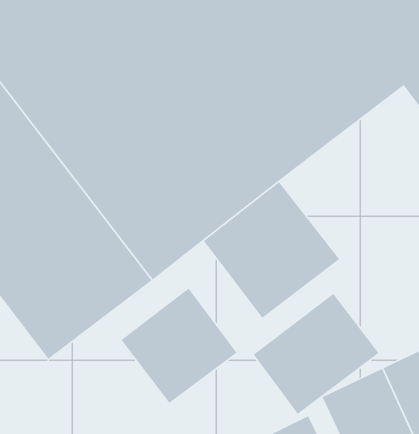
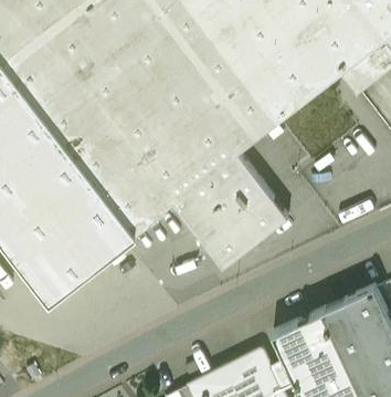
building: [120,288,237,404] -> none
building: [253,293,380,415] -> none

